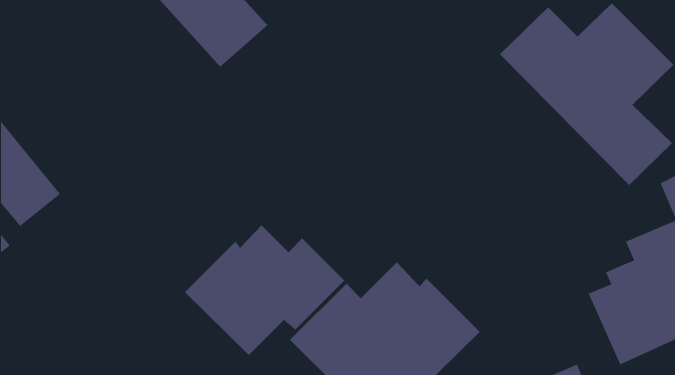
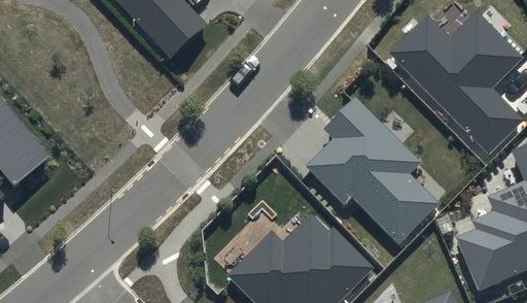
building: none -> [305,95,442,245]
building: [184,224,345,356] -> none

